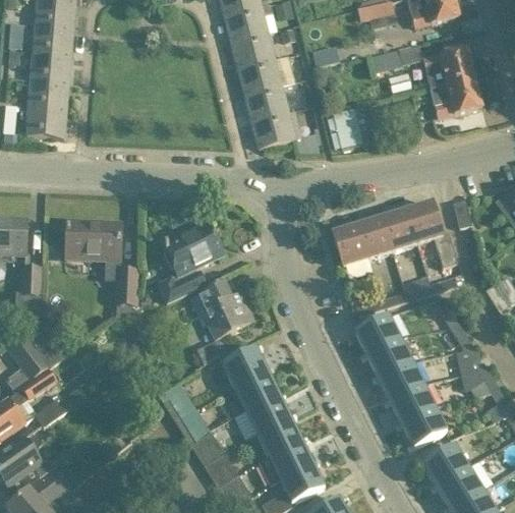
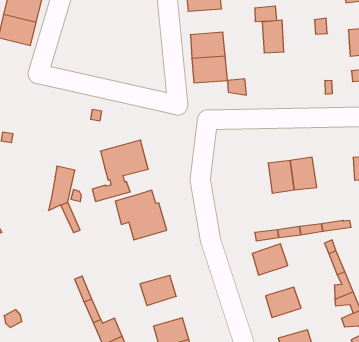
building: [237,57,281,93] -> none
building: [333,106,363,147] -> [262,20,284,53]
building: [406,201,457,266] -> none
building: [66,220,120,280] -> none
building: [332,224,367,266] -> none
building: [367,337,410,376] -> none
building: [223,347,267,386] -> none
building: [391,383,434,421] -> none
building: [246,393,289,432] -> none

